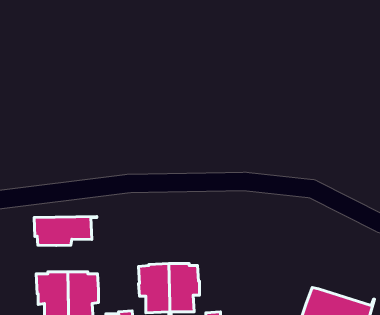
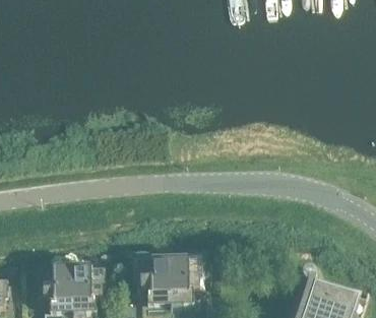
building: [34,216,97,246] -> none

